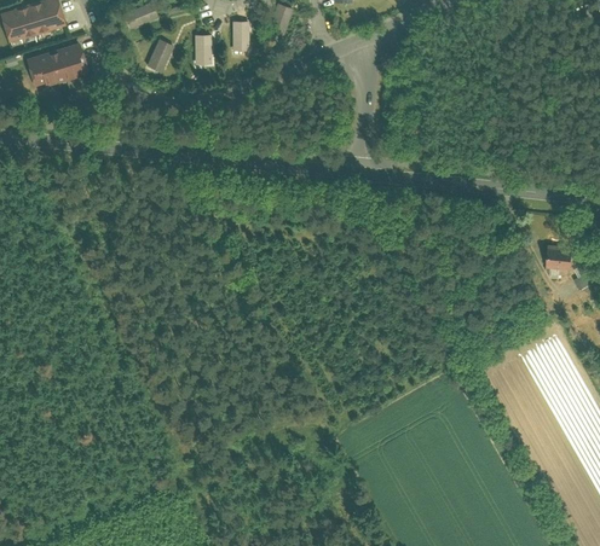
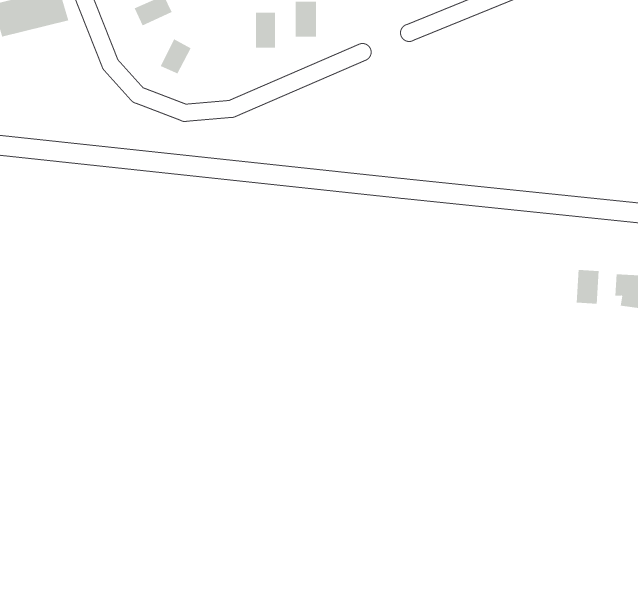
building: [194,35,213,65] -> none
building: [25,41,90,89] -> none
building: none -> [576,269,599,304]

